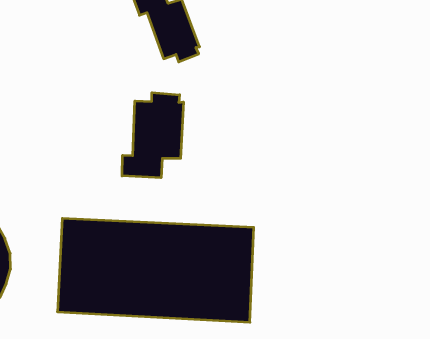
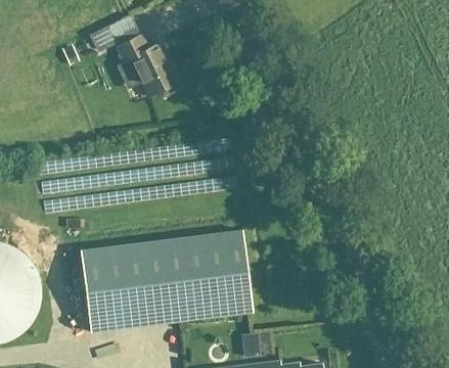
building: [122,93,183,178] -> none

